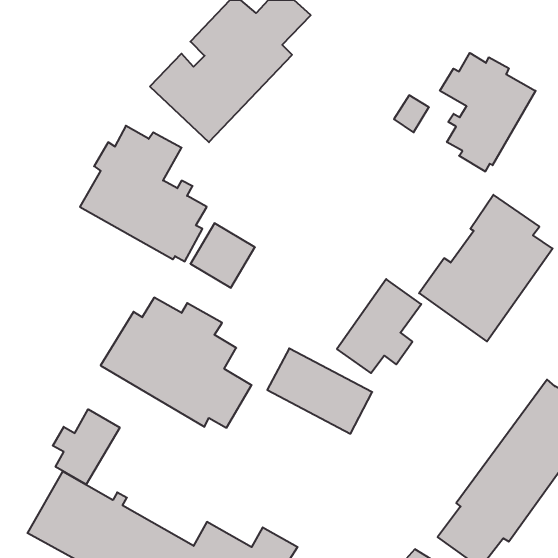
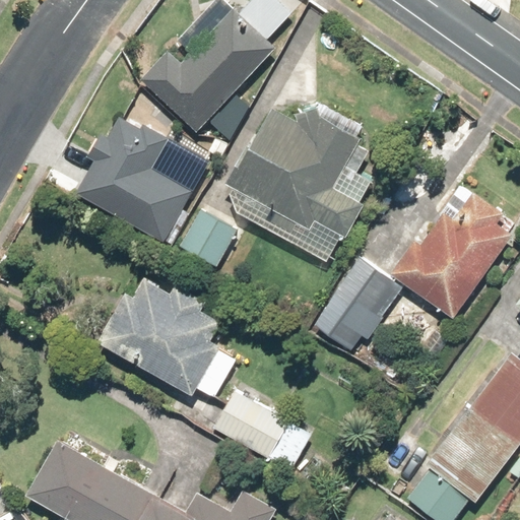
building: [440,53,536,172] -> none
building: none -> [225,102,363,264]
building: [267,348,372,434] -> [213,391,311,470]
building: [53,409,120,485] -> none

